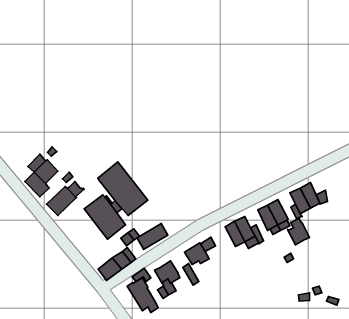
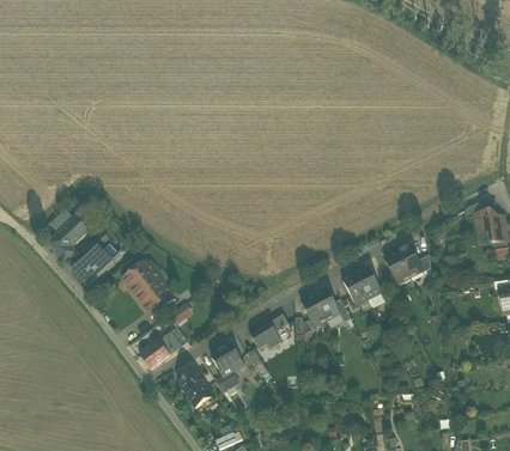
building: [98,162,148,216] -> none
building: [287,218,310,245] -> none
building: [137,224,168,250] -> none

